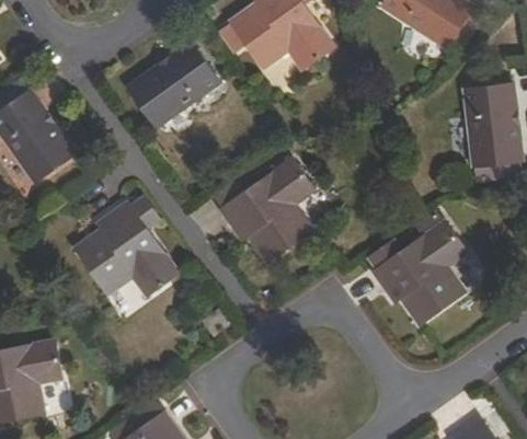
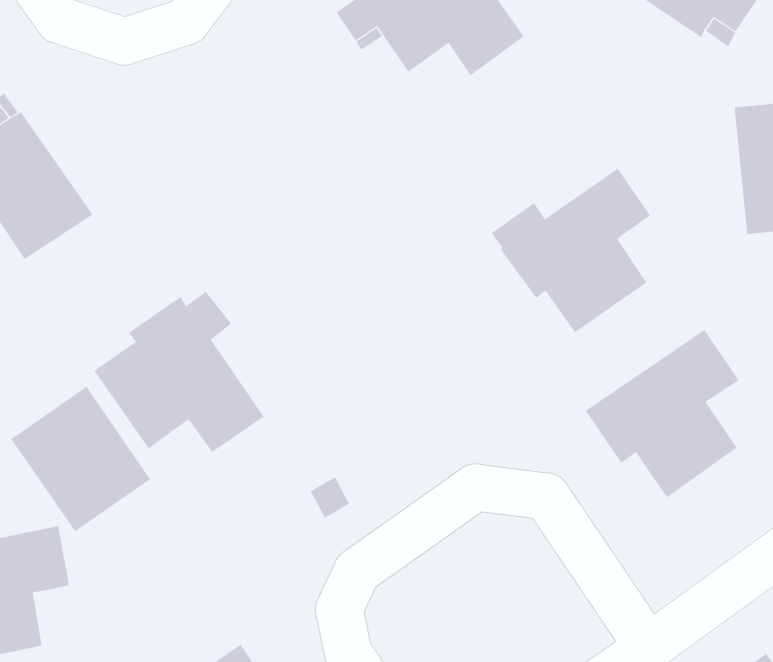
building: [128,43,221,128] -> none
building: [217,161,313,261] -> [491,168,651,333]
building: none -> [11,386,151,532]

